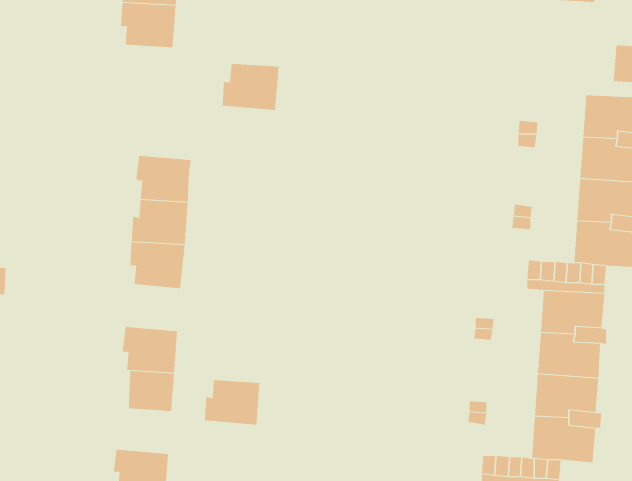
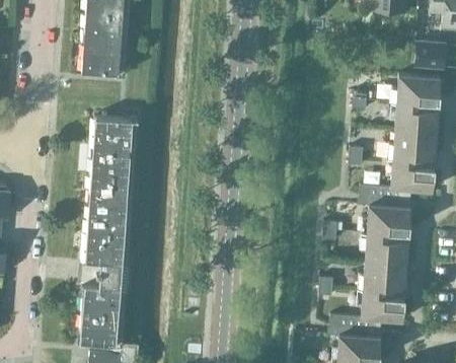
building: [222,63,279,110] -> [83,42,122,73]
building: none -> [89,202,127,233]
building: [204,380,260,425] -> [83,285,121,315]

